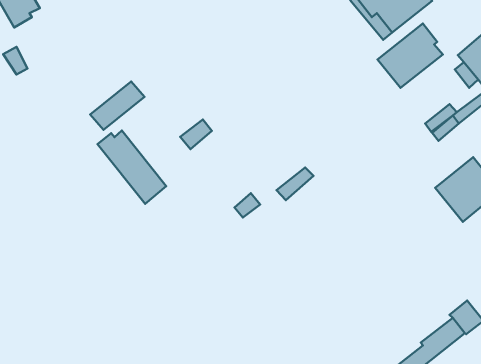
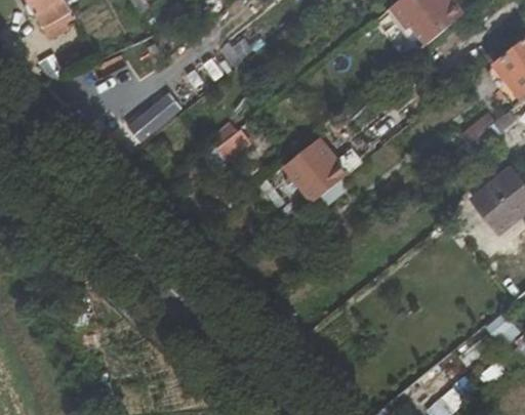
building: [377,24,443,88] -> none
building: none -> [284,138,334,197]
building: [97,130,166,204] -> none

